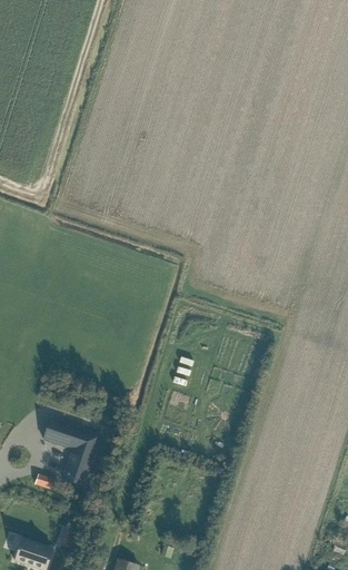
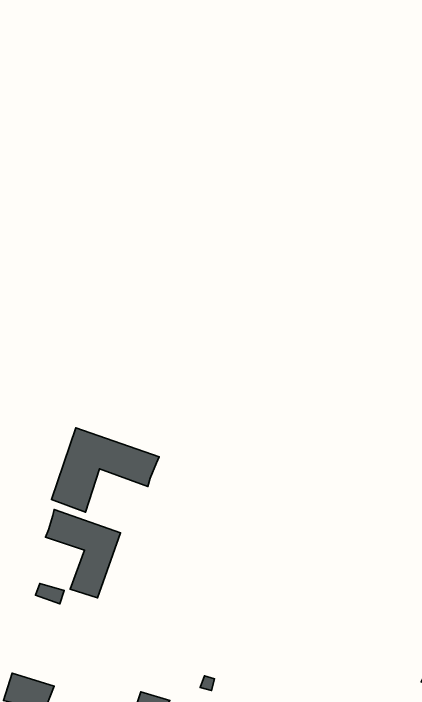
building: none -> [52,428,159,512]

